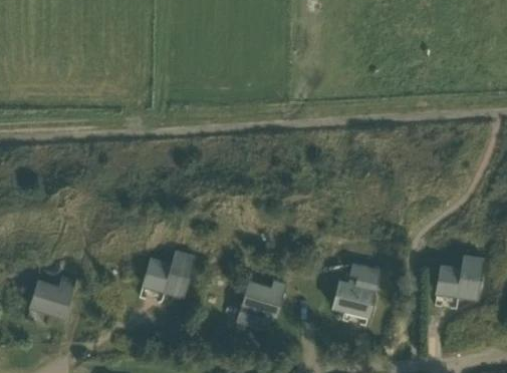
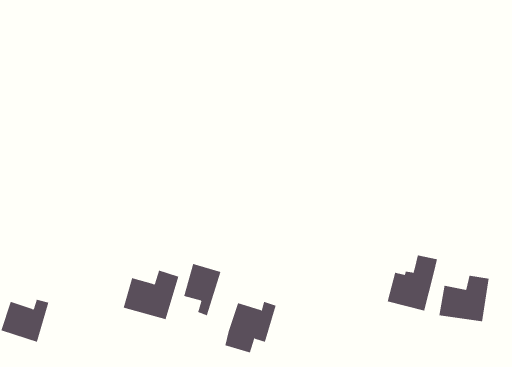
building: none -> [183,263,221,316]
building: [332,265,379,317] -> [387,255,438,311]

